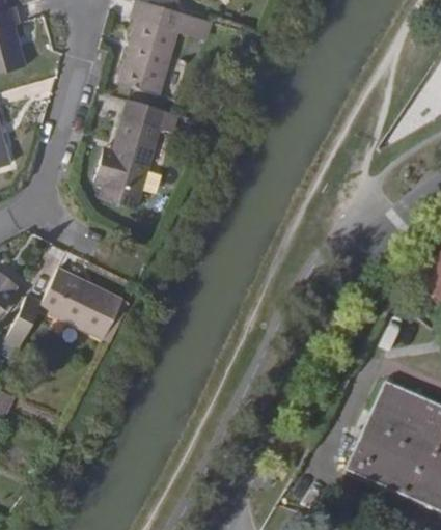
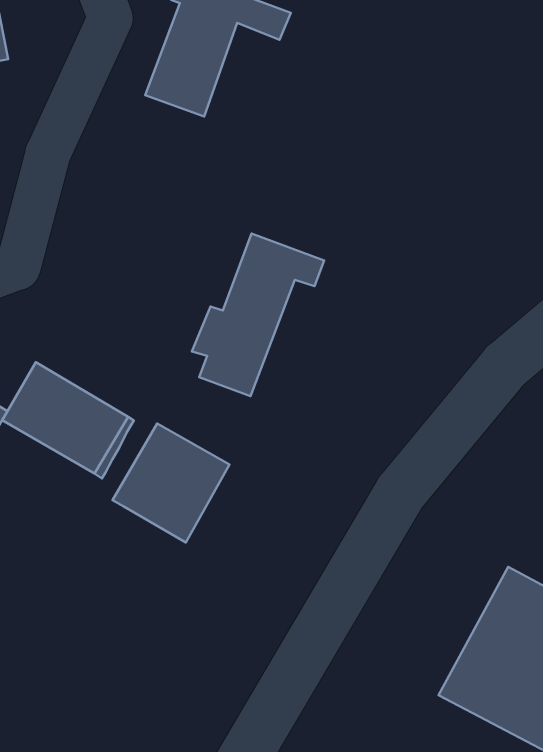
building: [93,99,177,207] -> [192,233,324,396]
building: none -> [112,423,229,543]

